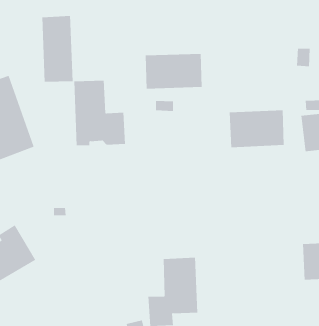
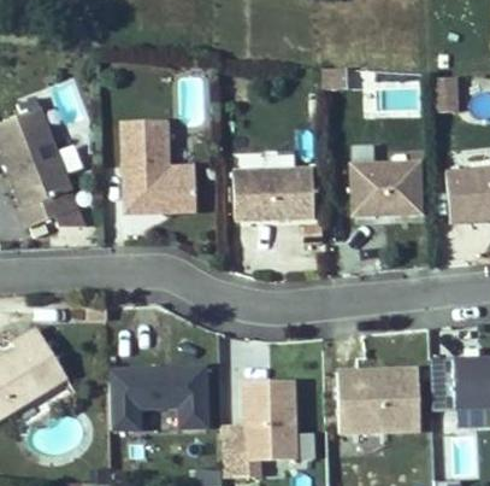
building: [42,15,73,83] -> none
building: [145,54,202,89] -> [231,169,313,219]
building: none -> [112,368,213,431]
building: none -> [342,368,425,432]

